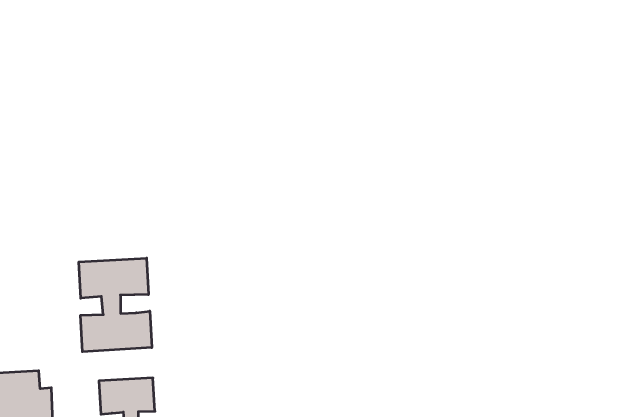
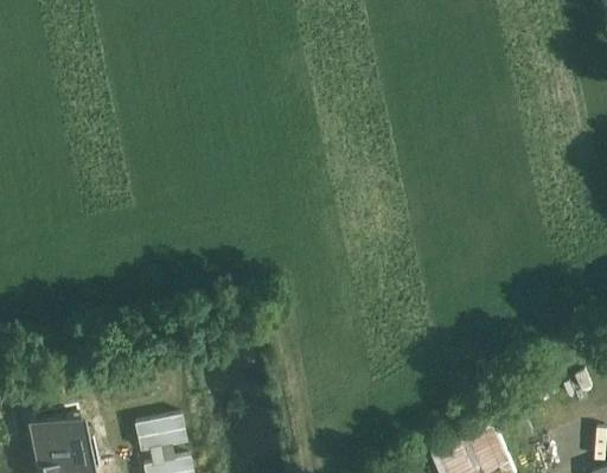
building: [79,258,152,352] -> none

